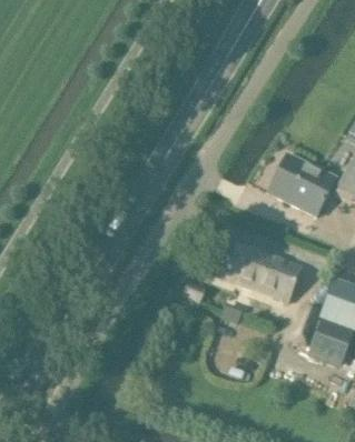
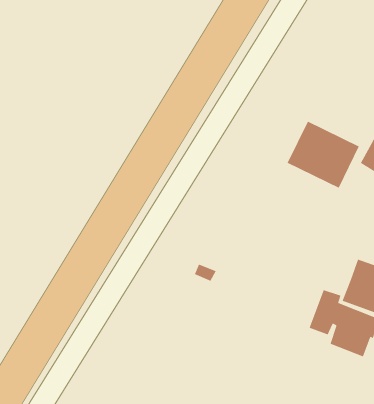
building: [215,239,303,301] -> none

